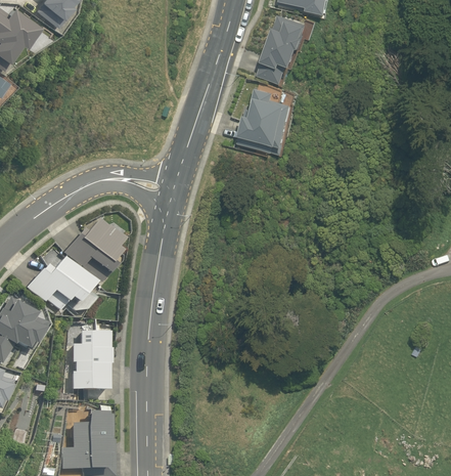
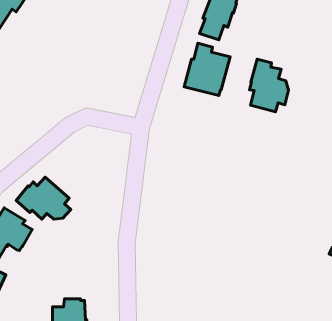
building: none -> [250,59,288,112]
building: [62,219,123,283] -> none
building: [71,331,110,389] -> none

